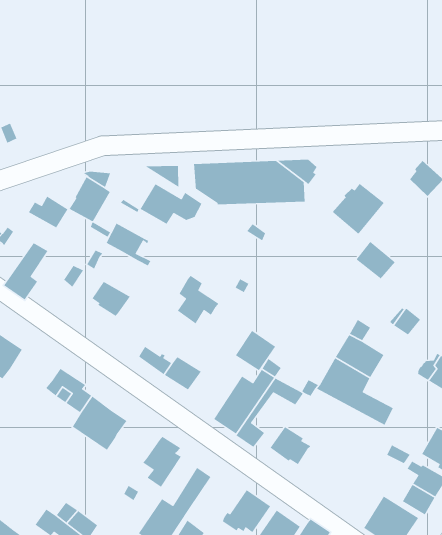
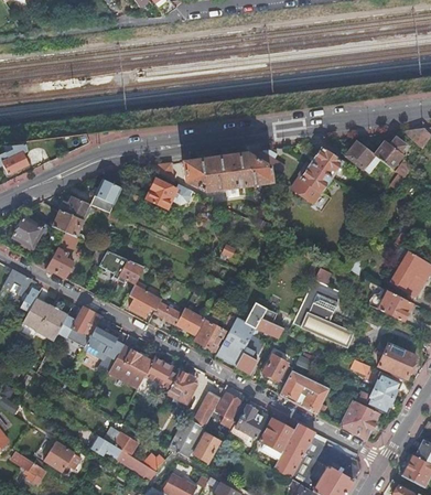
building: [105,223,152,266] -> [53,211,89,241]
building: [355,241,396,280] -> [310,148,341,176]
building: [177,275,220,324] -> [129,280,161,318]
building: [235,330,276,371] -> [194,320,225,351]
building: none -> [58,308,100,336]
building: none -> [143,356,176,389]
building: none -> [279,369,328,413]
building: none -> [216,394,243,428]

